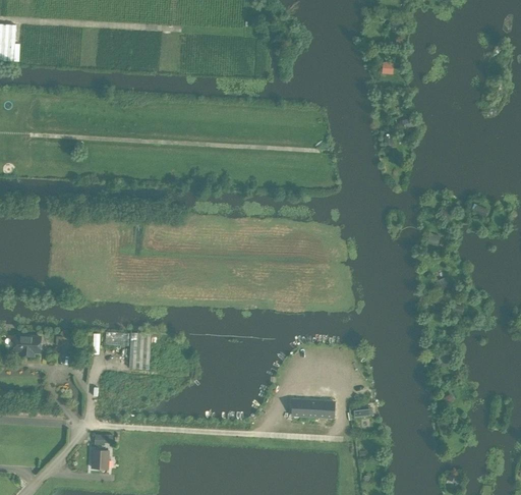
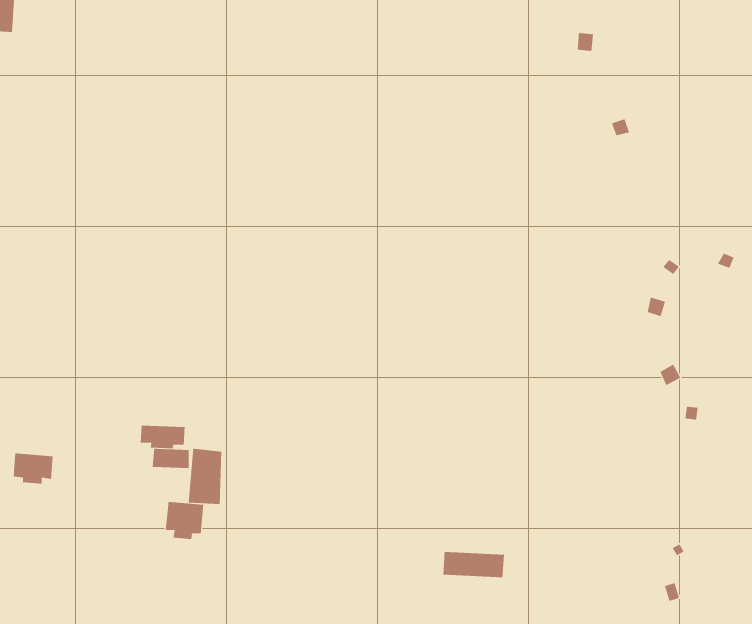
building: none -> [140,425,185,449]
building: none -> [165,501,204,540]

